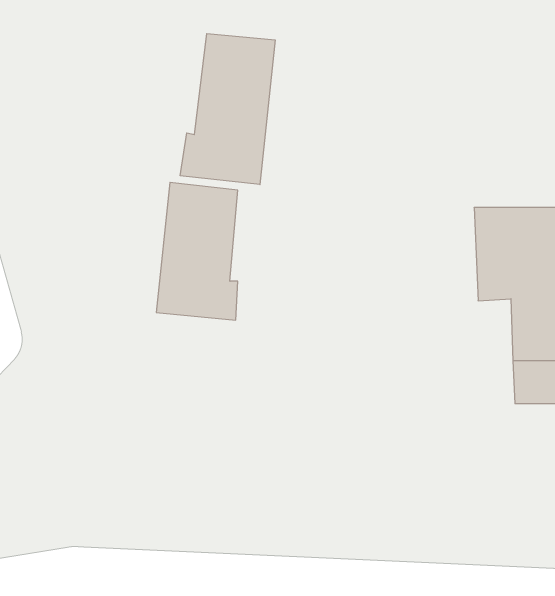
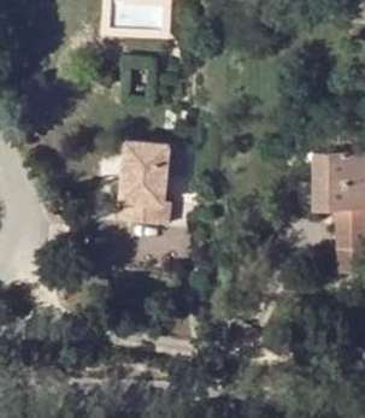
building: [180,34,275,185] -> none

